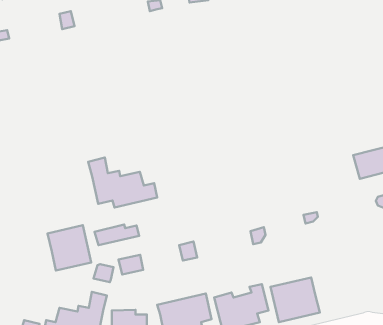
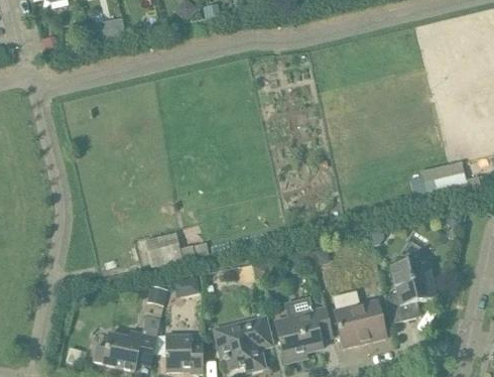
building: [88,158,157,208] -> none
building: [48,225,91,271] -> none
building: none -> [384,260,433,323]

